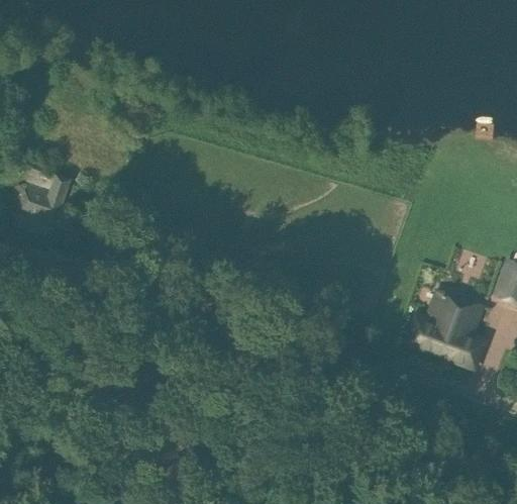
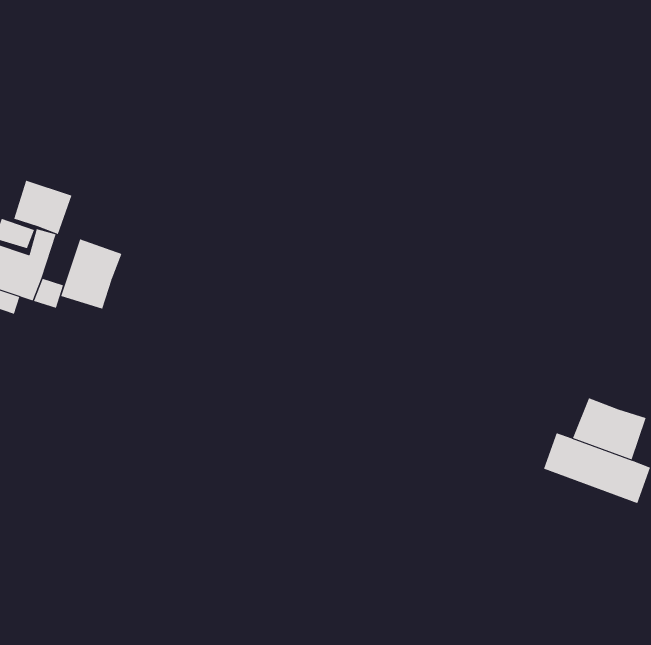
building: none -> [14,180,72,235]
building: none -> [60,238,122,310]

